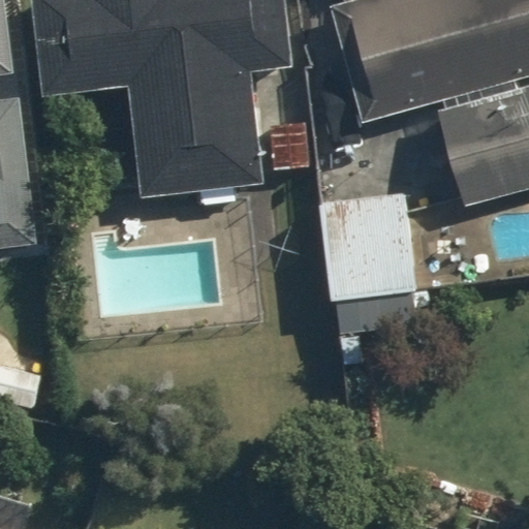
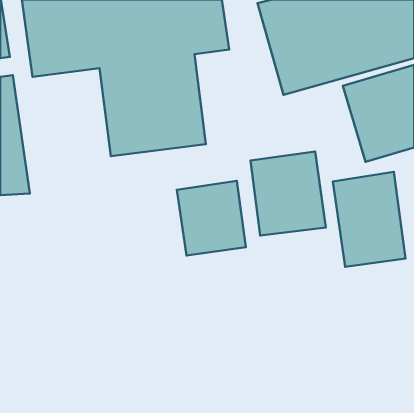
building: none -> [333,172,406,267]
building: none -> [177,181,246,255]

